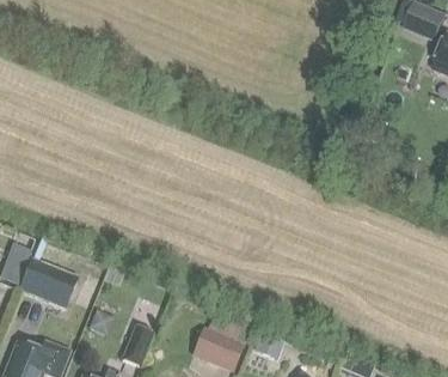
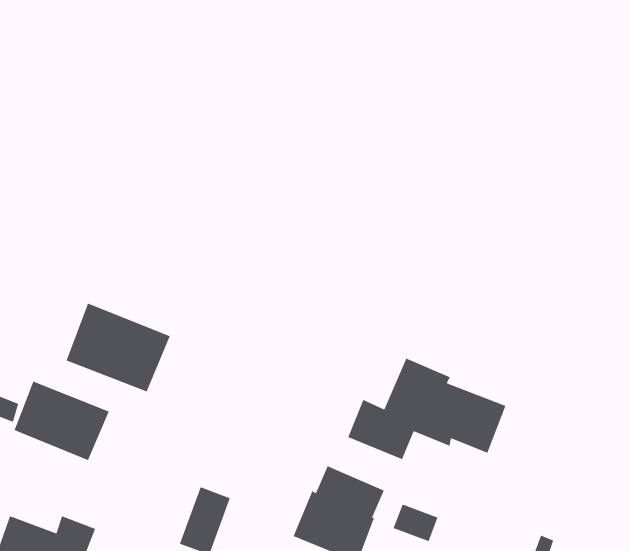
building: none -> [65,303,171,393]
building: none -> [347,357,507,460]

